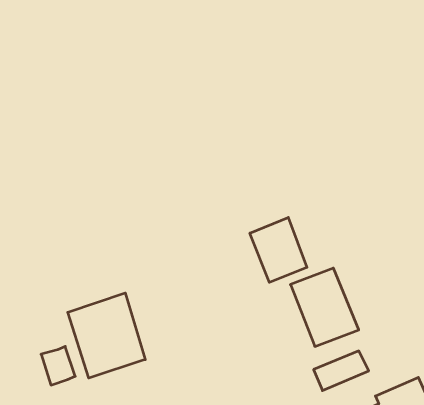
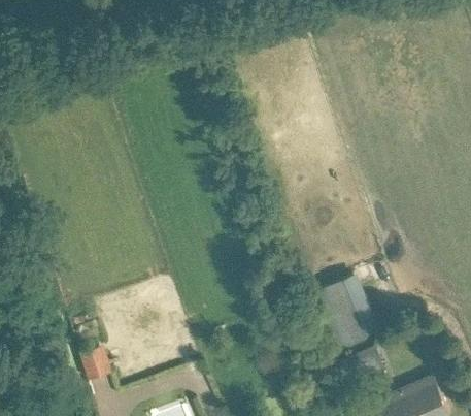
building: [250,217,307,282] -> none
building: [68,293,145,378] -> none

